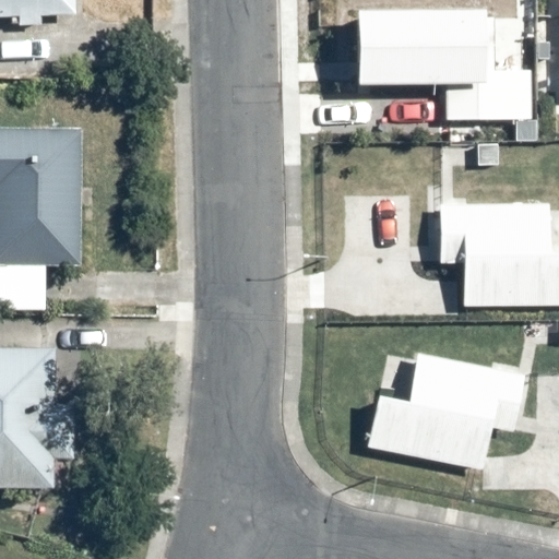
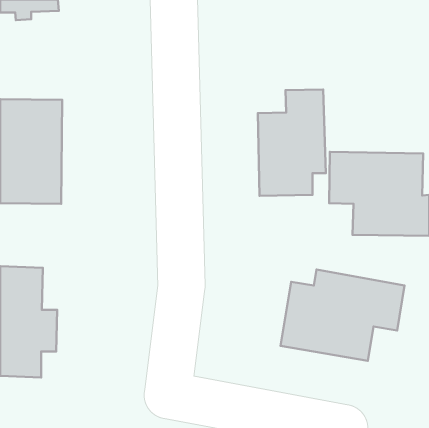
building: [354,7,531,121] -> none
building: none -> [258,89,326,196]

